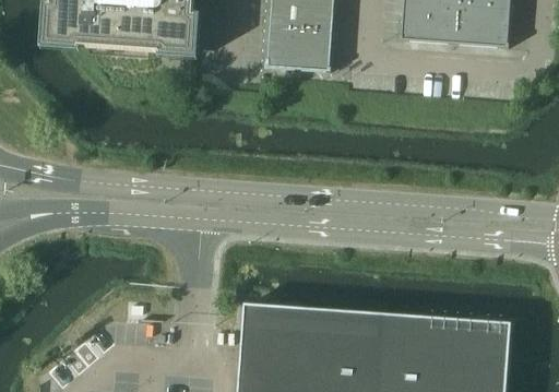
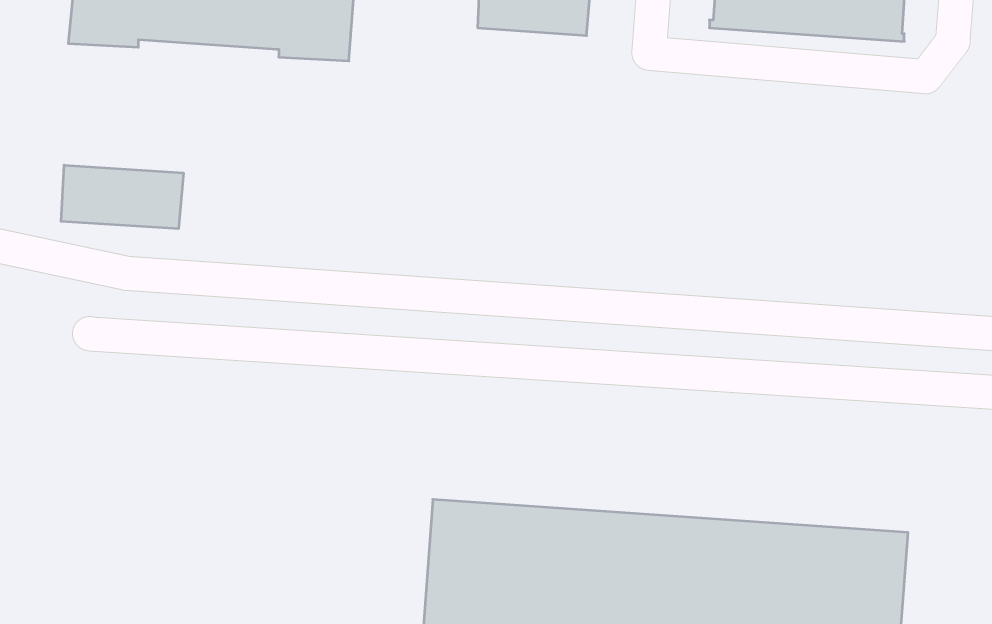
building: [265,40,330,72] -> none
building: none -> [61,165,183,229]

